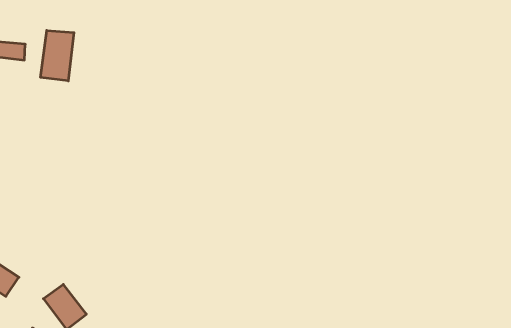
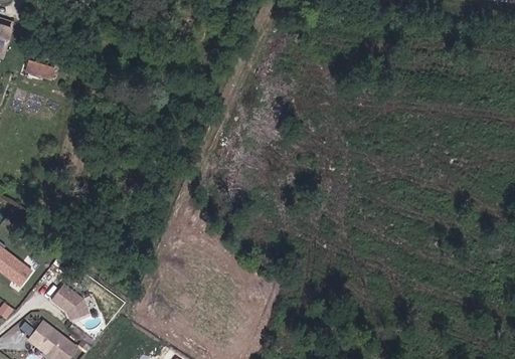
building: [41,30,74,81] -> none

